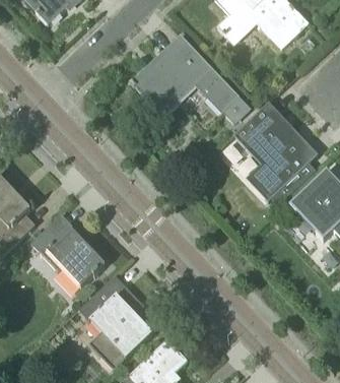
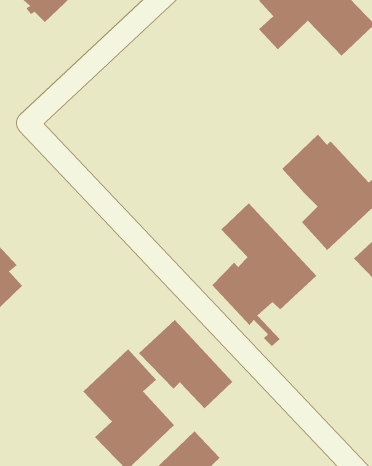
building: [130,33,250,121] -> none
building: none -> [211,203,317,347]
building: [31,215,106,285] -> [138,319,233,409]

